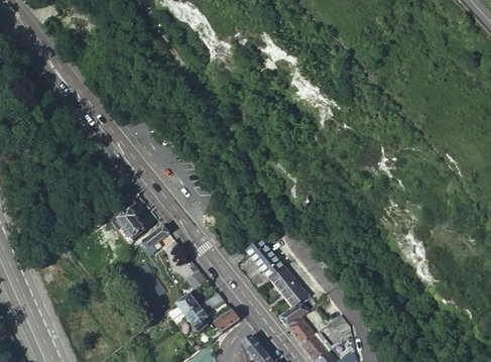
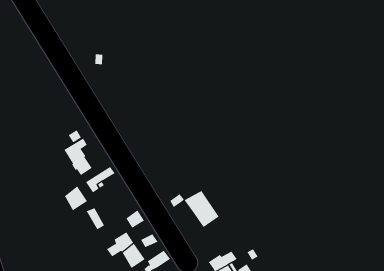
building: none -> [64,186,88,211]
building: [270,268,313,311] -> none

